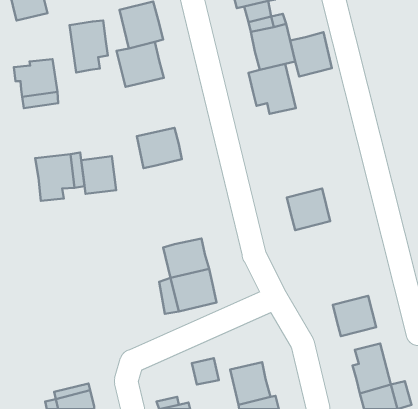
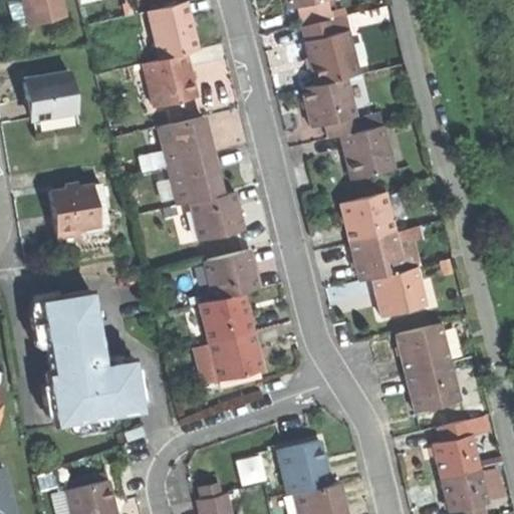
building: [69,21,108,72] -> none
building: [290,32,332,76] -> [343,126,395,181]
building: none -> [159,116,214,167]
building: [81,156,116,194] -> none
building: none -> [191,192,247,243]
building: none -> [341,192,395,242]
building: none -> [205,251,261,299]
building: none -> [372,269,423,319]
building: none -> [35,293,137,428]
building: none -> [398,323,451,373]

